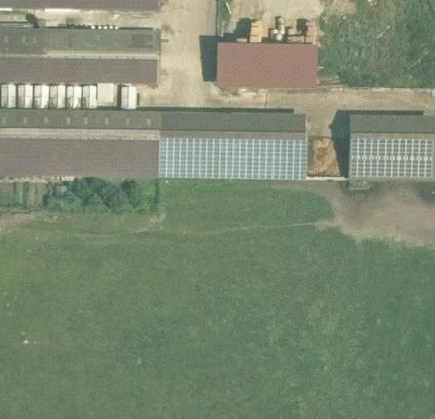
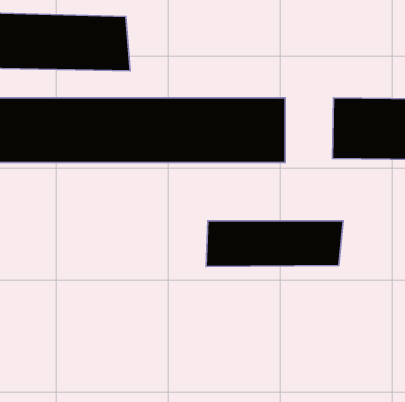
building: [219,46,316,82] -> none
building: none -> [206,221,343,266]

